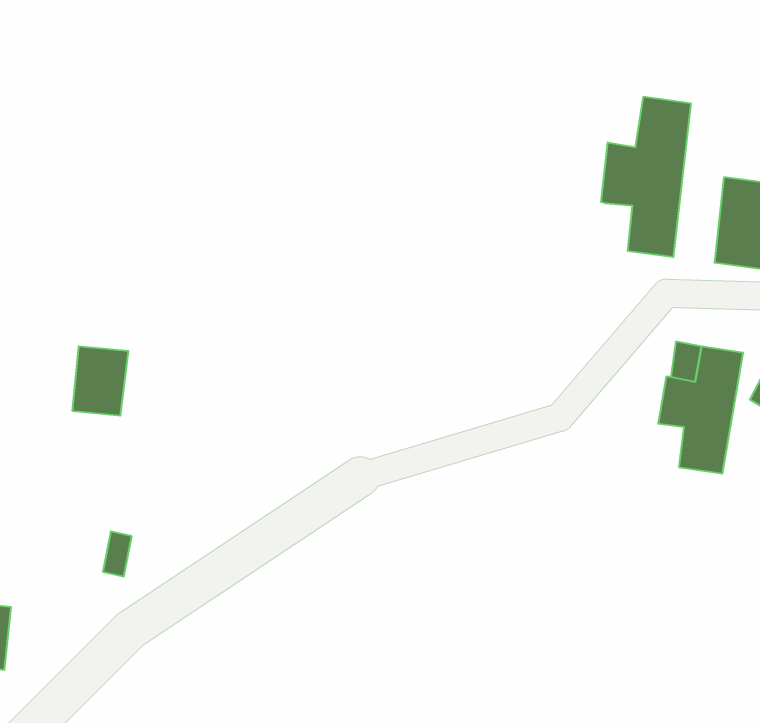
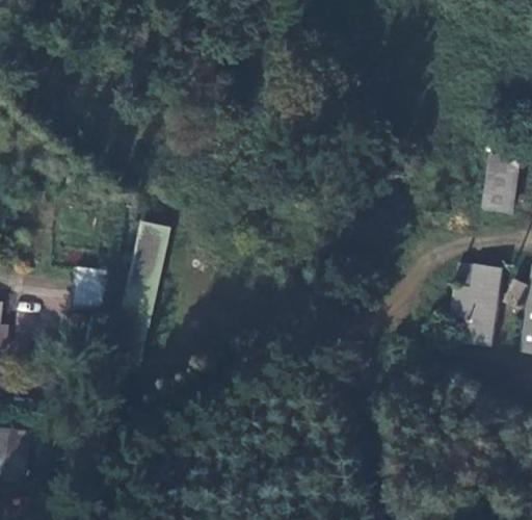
building: [601,97,691,257] -> none
building: none -> [112,214,170,356]

